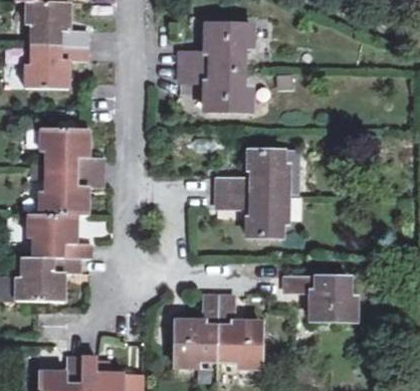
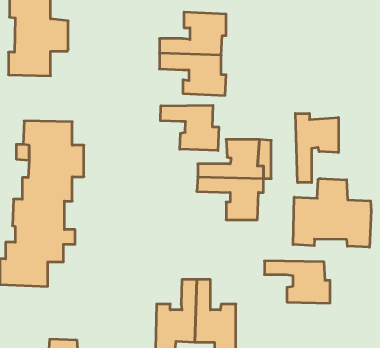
building: none -> [160,105,219,151]
building: none -> [295,113,338,183]
building: none -> [293,178,371,247]

